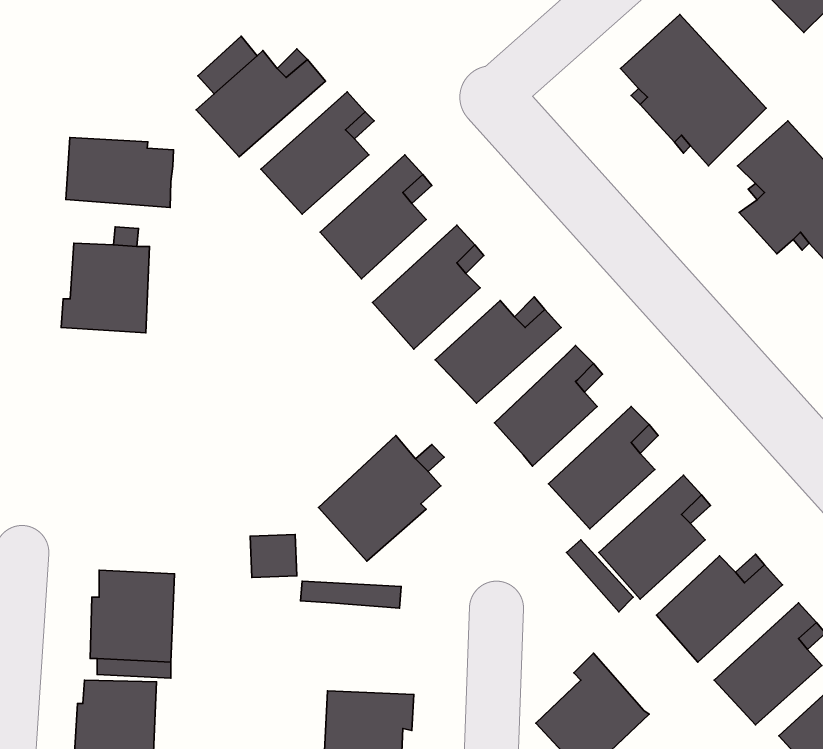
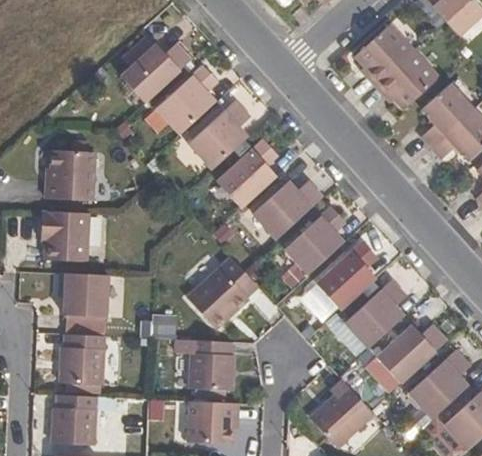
building: [66,138,174,208] -> none
building: none -> [42,211,93,260]
building: none -> [61,273,110,316]
building: none -> [192,351,235,389]

